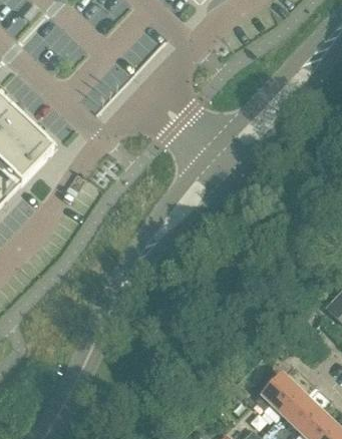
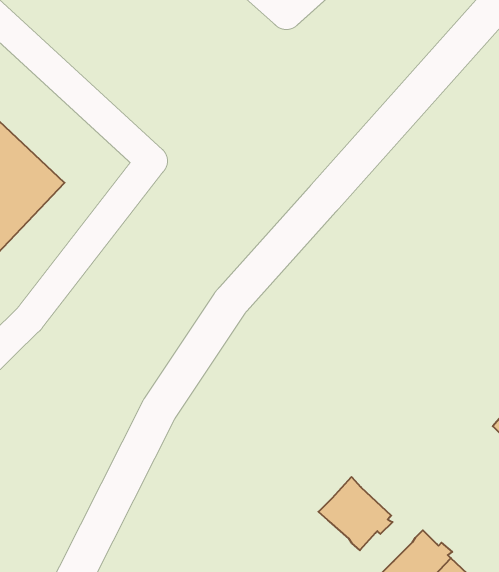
building: none -> [318,477,393,550]

